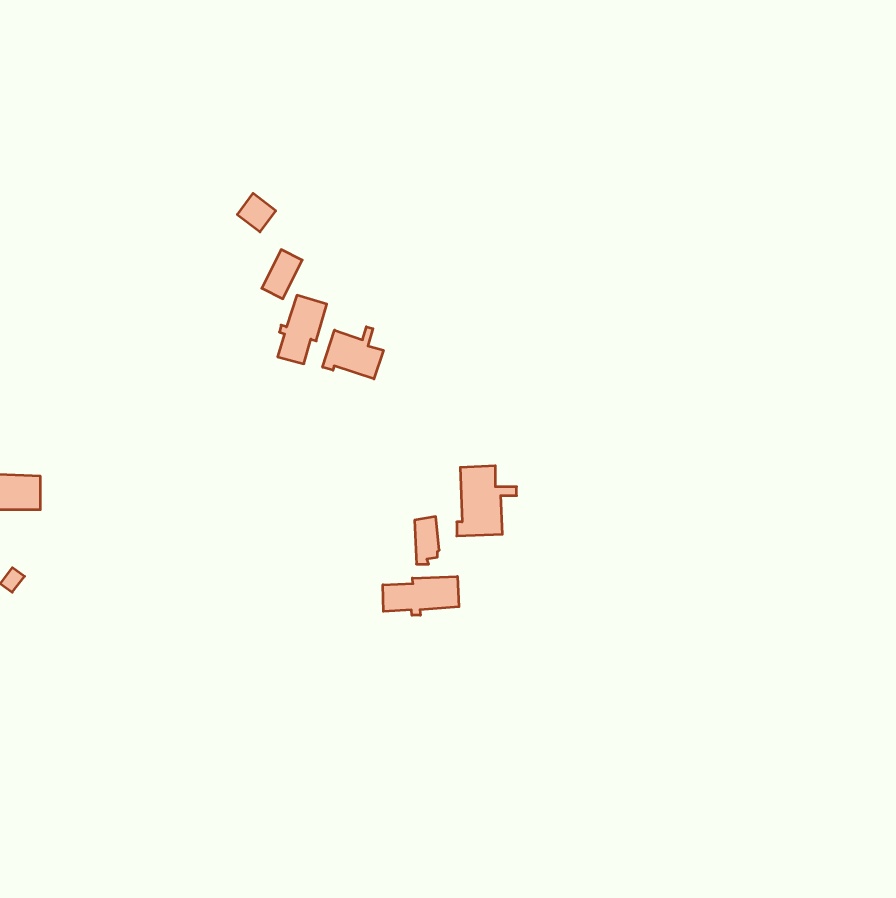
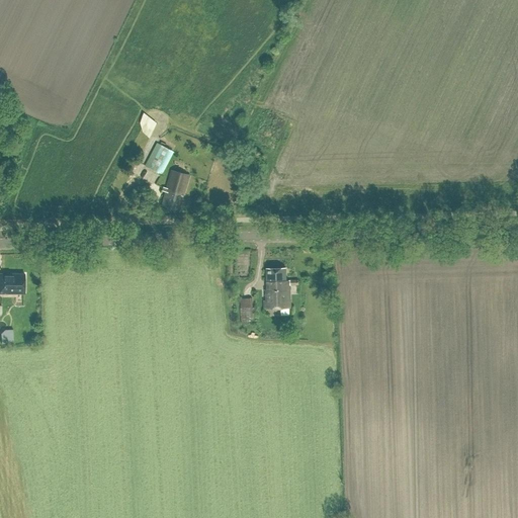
building: [323,327,383,379] -> none
building: [383,576,459,615] -> none

